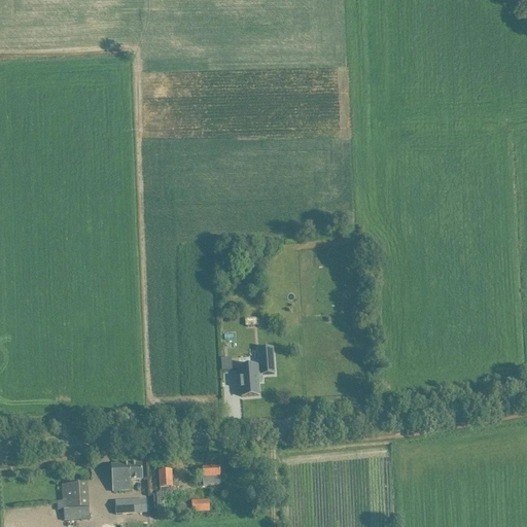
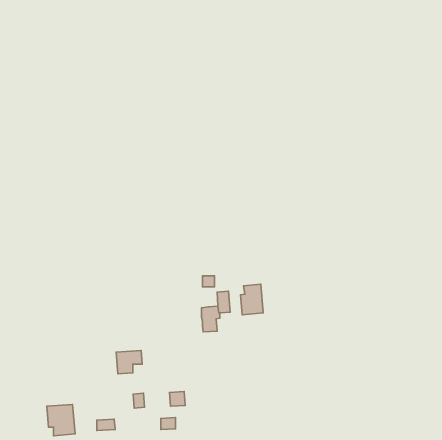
building: none -> [241,284,263,315]
building: [111,462,142,490] -> [116,350,142,374]

